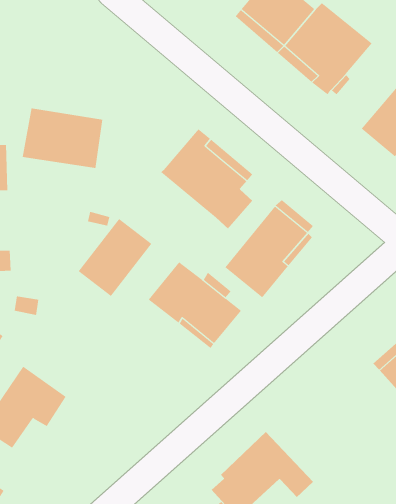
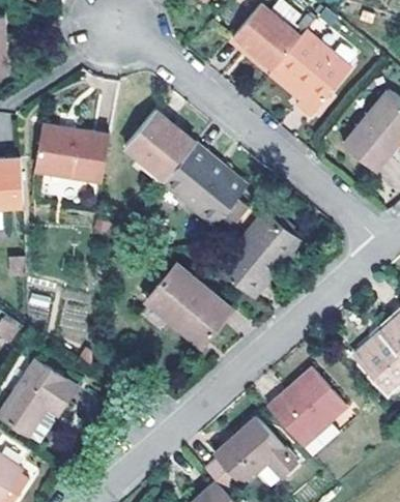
building: none -> [121,109,195,181]
building: [78,218,152,297] -> none
building: none -> [272,367,346,459]

